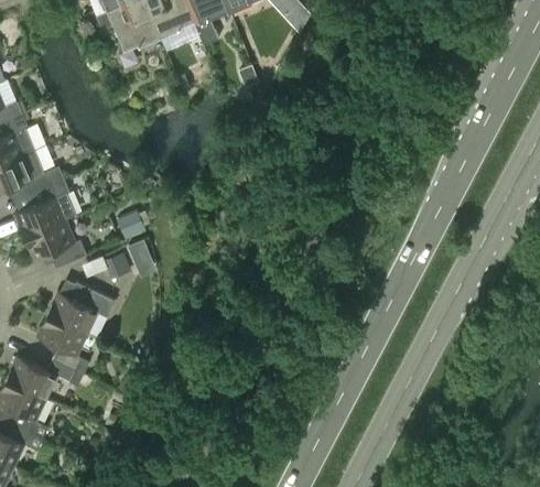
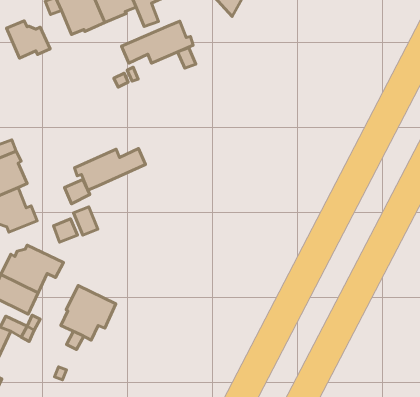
building: none -> [6,21,50,58]
building: none -> [122,21,193,63]
building: none -> [75,149,145,190]
building: none -> [61,286,116,340]

